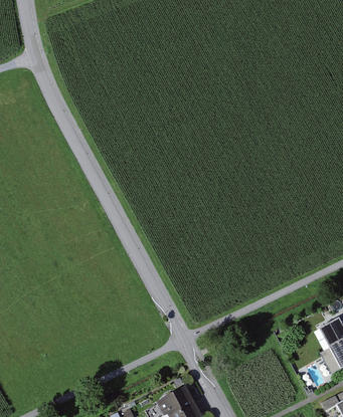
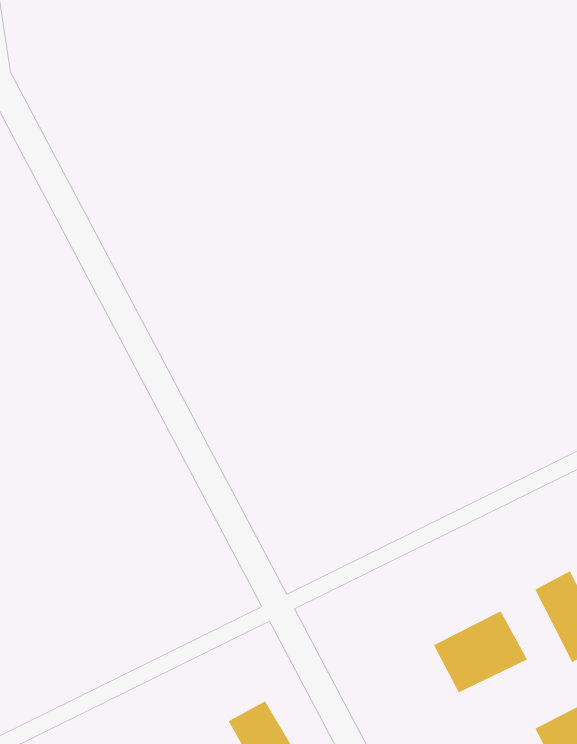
building: none -> [433,610,528,693]

